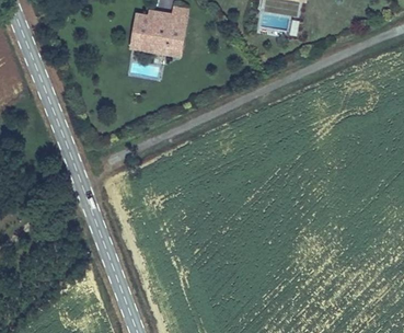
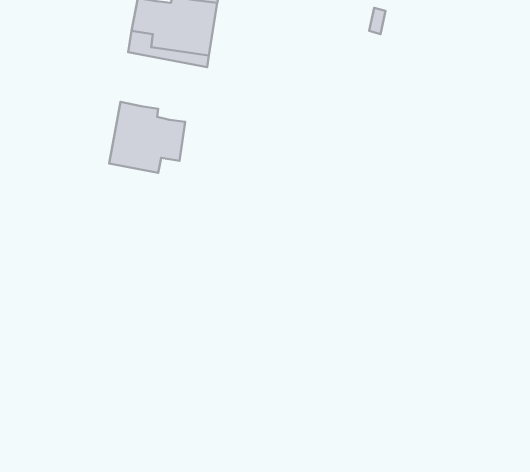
building: none -> [109,102,185,173]

